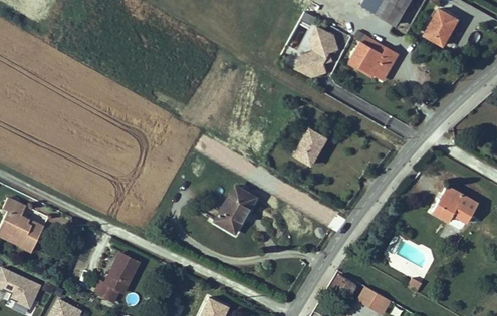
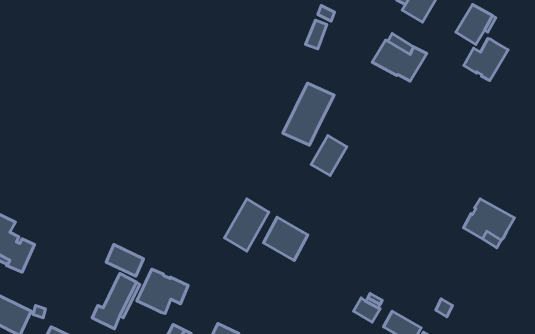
building: [293,24,339,80] -> [283,83,334,145]
building: none -> [464,39,508,80]
building: none -> [263,217,308,260]
building: none -> [106,245,144,276]
building: none -> [137,269,188,313]

